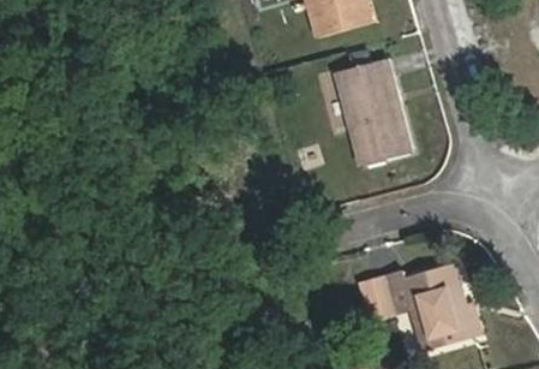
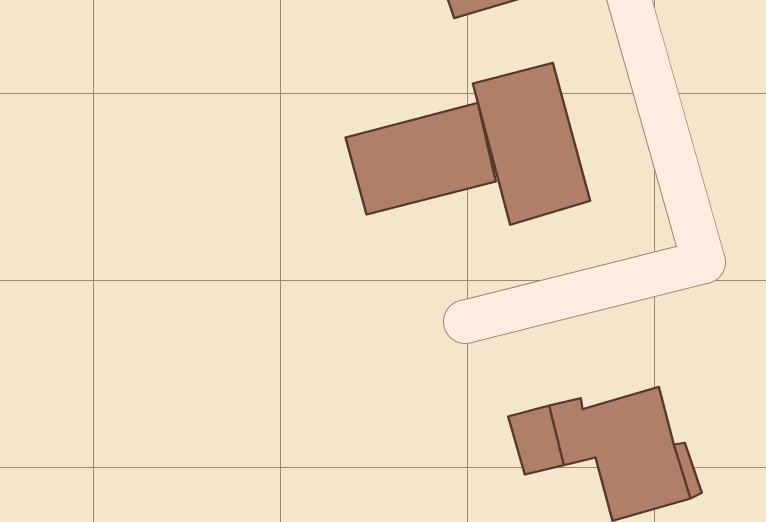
building: none -> [346,103,496,215]

